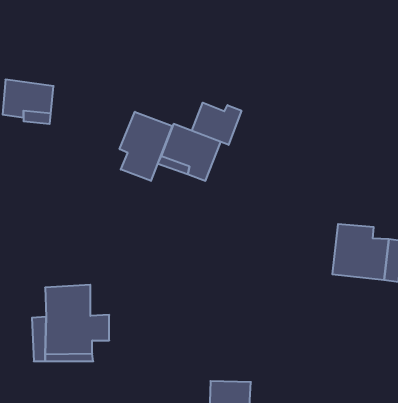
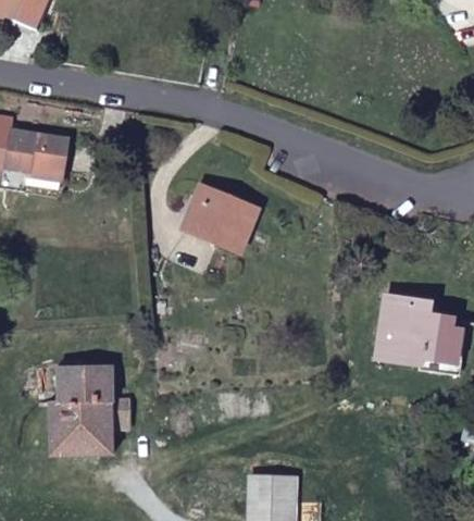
building: [192,103,241,145] -> none
building: [120,112,172,181] -> none

